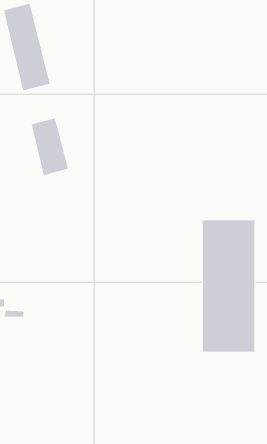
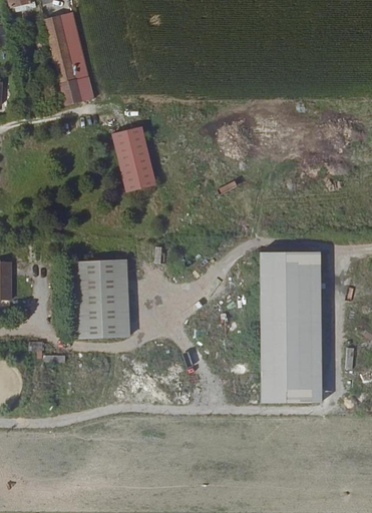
building: [31,118,69,176] -> [107,122,150,188]
building: none -> [76,260,130,336]

